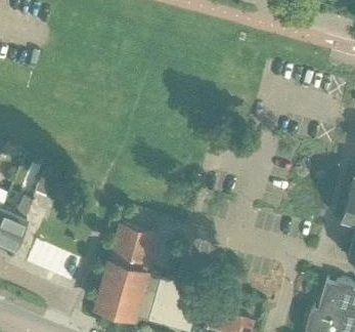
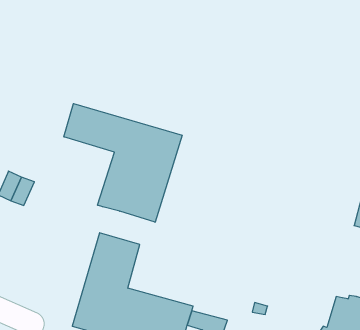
building: none -> [64,104,182,222]

